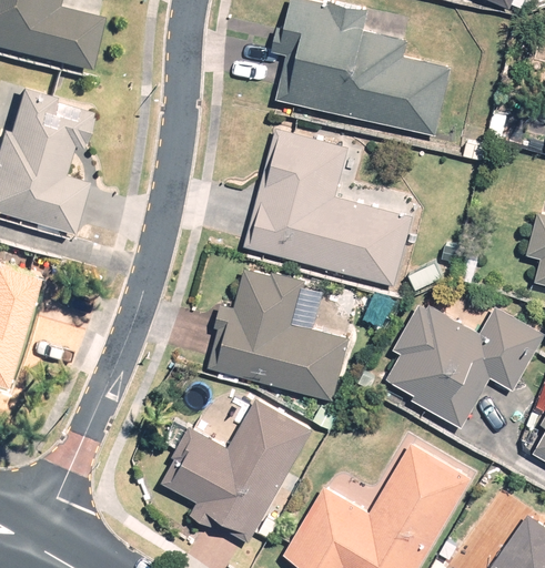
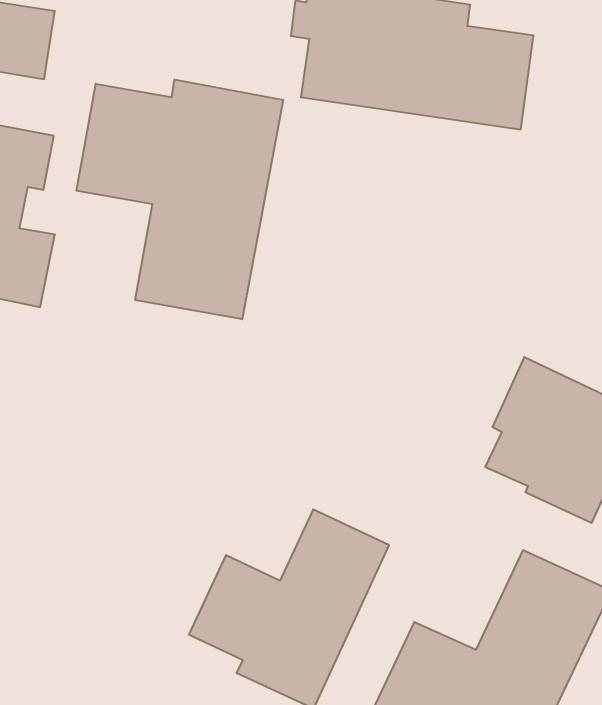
building: none -> [77,80,283,319]
building: [244,130,413,287] -> none
building: [210,267,349,400] -> none

